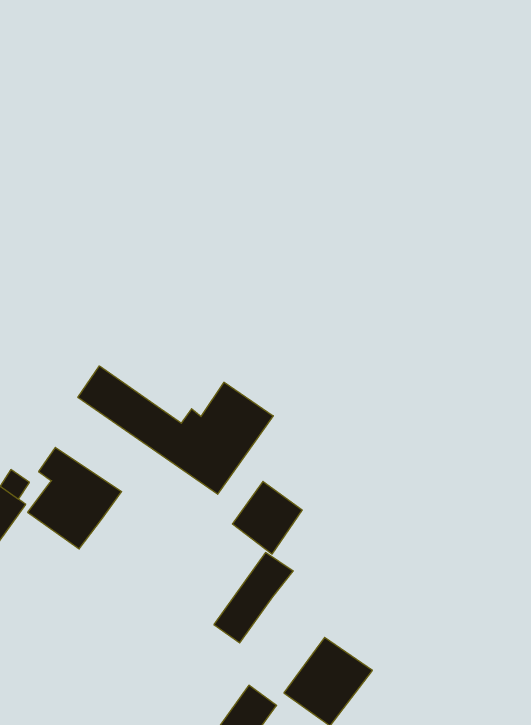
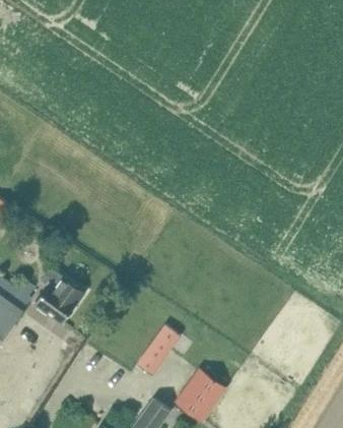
building: [78,366,273,494] -> none
building: [232,481,302,554] -> none

